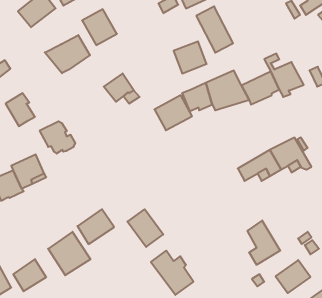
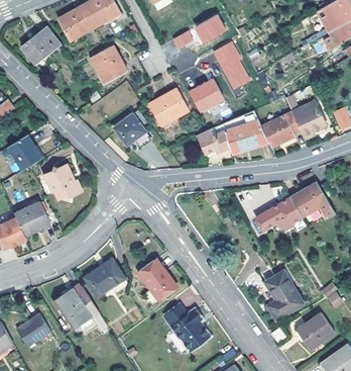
building: [45,35,90,73] -> none
building: [154,95,192,130] -> [148,88,189,125]

